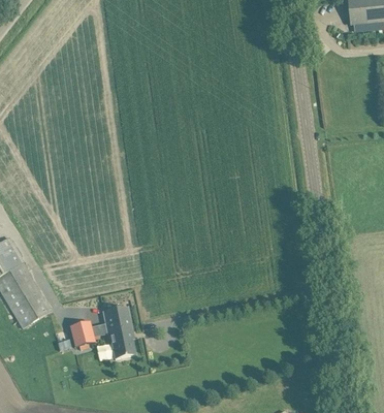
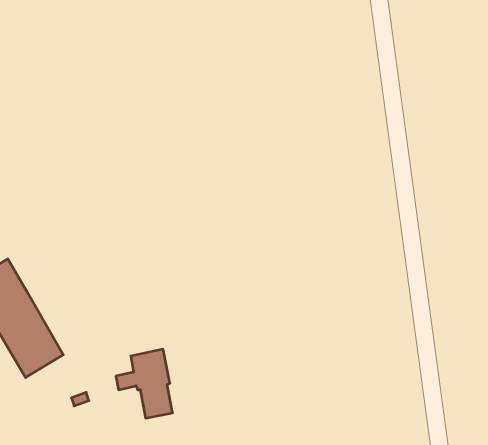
building: [69,320,95,346] -> none

